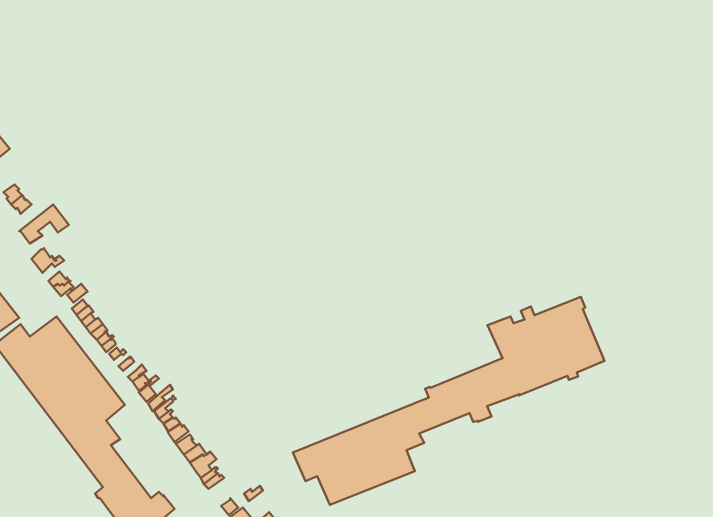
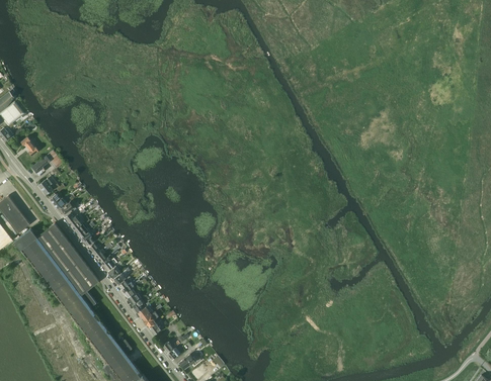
building: [293,297,604,505] -> none

